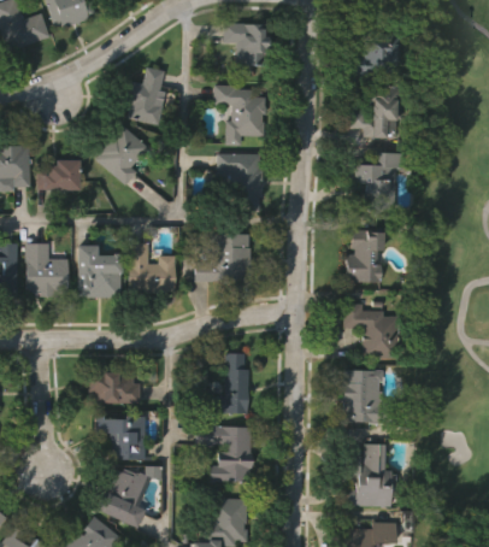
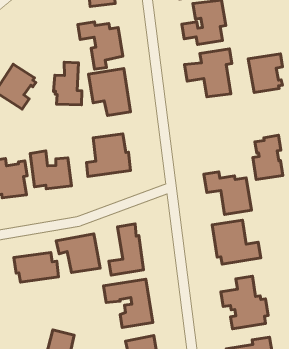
building: [126,65,164,123] -> [54,62,82,105]
building: none -> [248,54,283,93]
building: [347,231,384,283] -> [253,135,283,180]
building: [94,413,145,458] -> [56,234,100,273]

